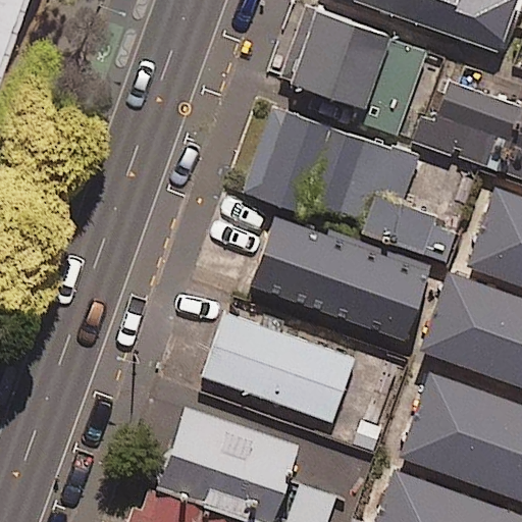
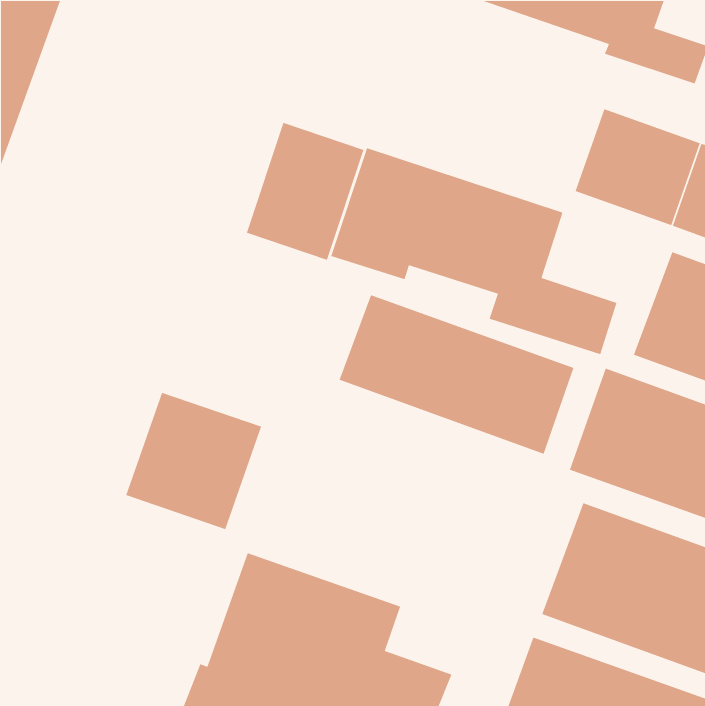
building: [289,11,427,138] -> none
building: none -> [246,122,365,261]
building: none -> [125,392,262,530]
building: [206,316,354,420] -> none

